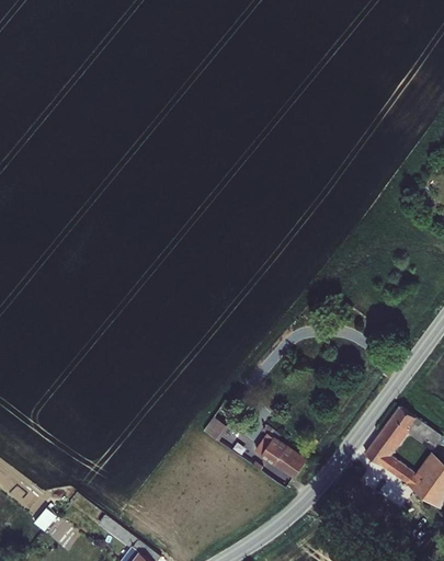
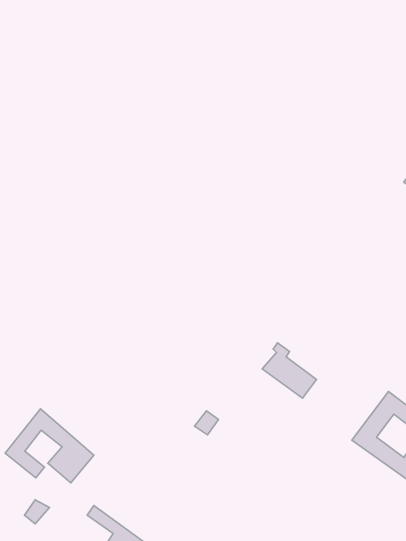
building: none -> [5,409,94,483]
building: [254,431,309,486] -> [262,343,316,398]

